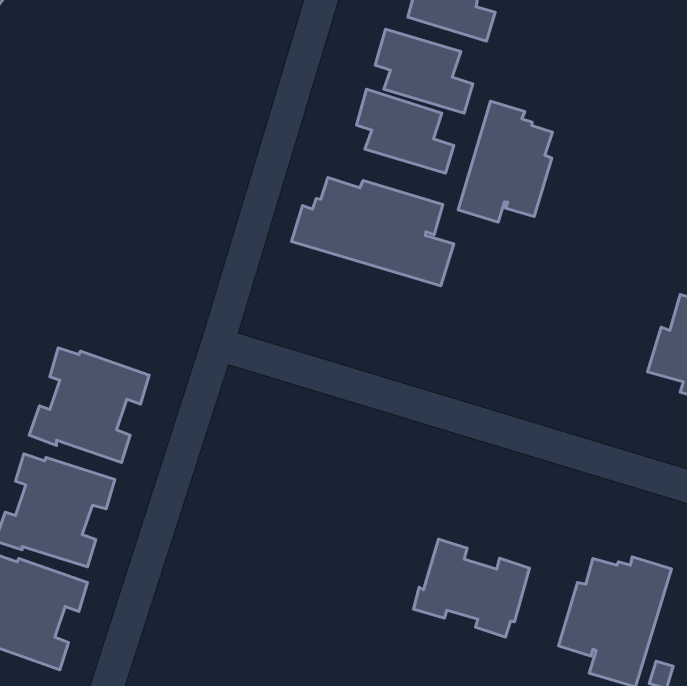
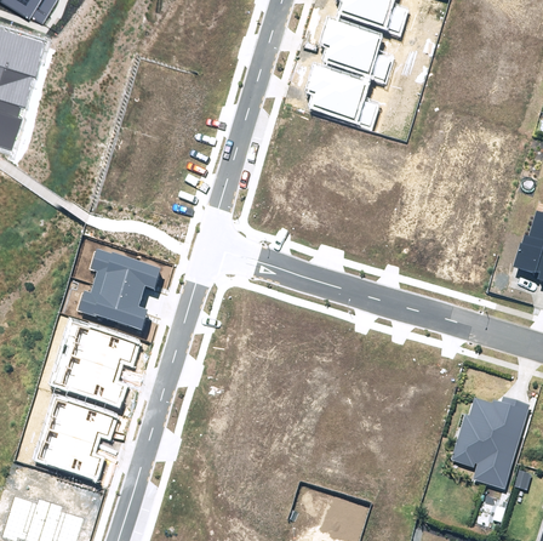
building: [458,101,553,222] -> none
building: [292,177,454,286] -> none
building: [414,539,530,637] -> none

